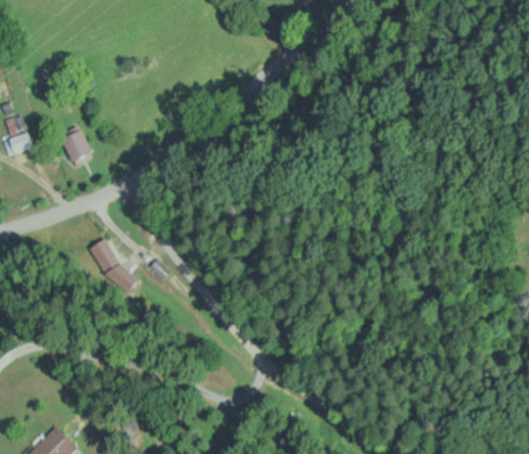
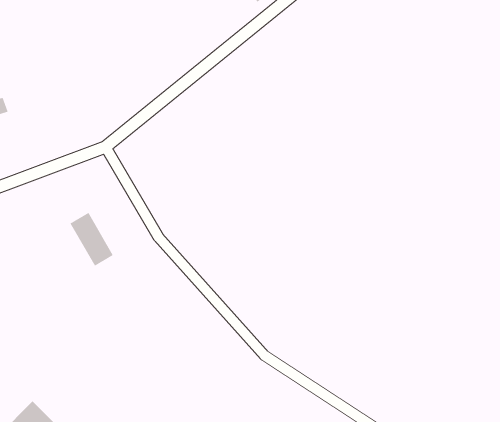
building: [62,129,95,165] -> none

